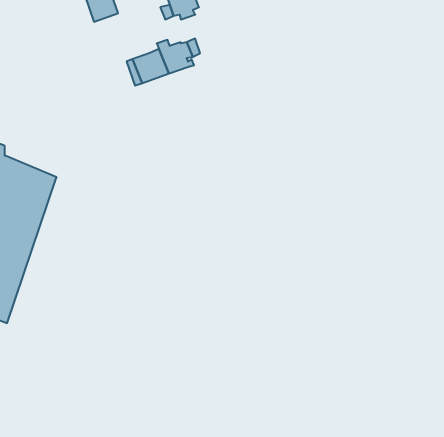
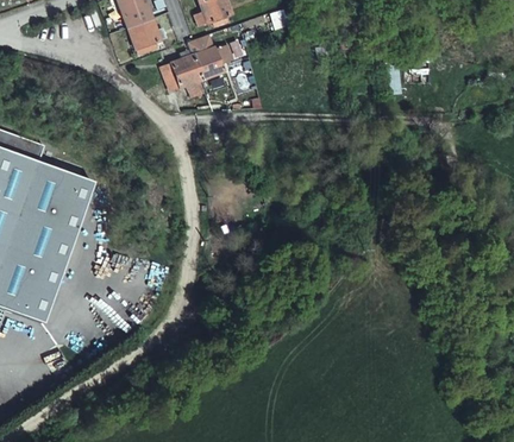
building: none -> [129,19,161,51]

